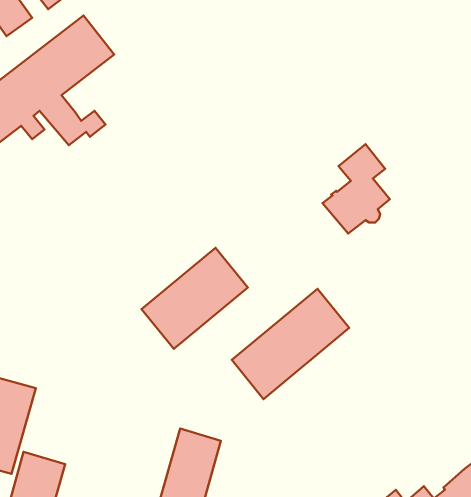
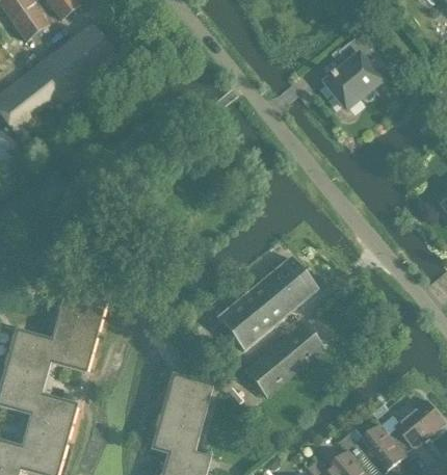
building: [323,144,390,234] -> [327,32,385,108]
building: [142,248,248,349] -> none
building: none -> [52,287,107,370]
building: none -> [246,323,325,397]

